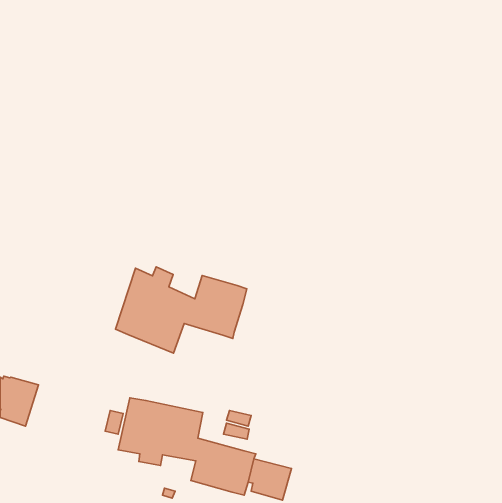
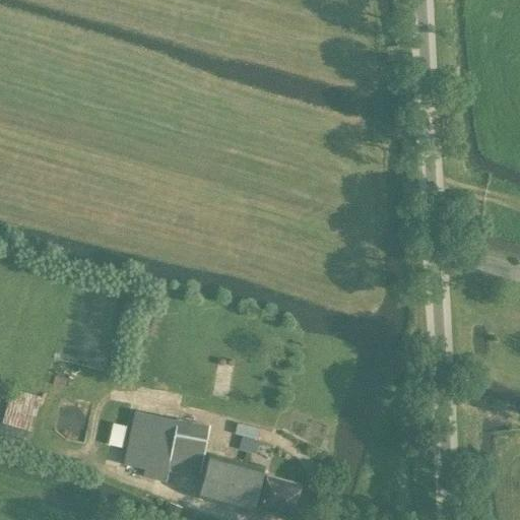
building: [115,267,247,353] -> none

